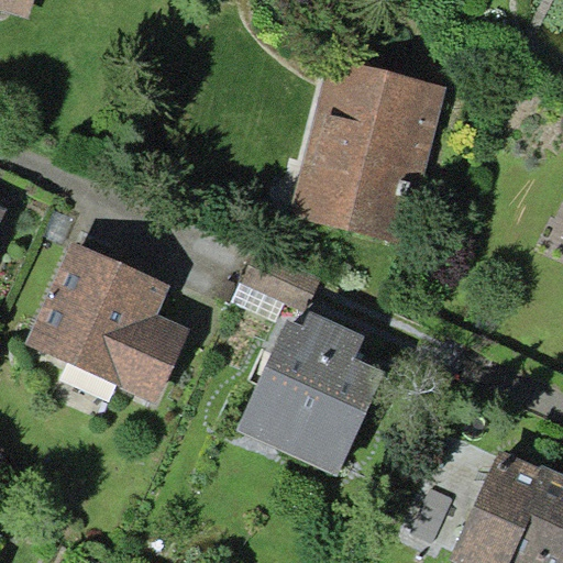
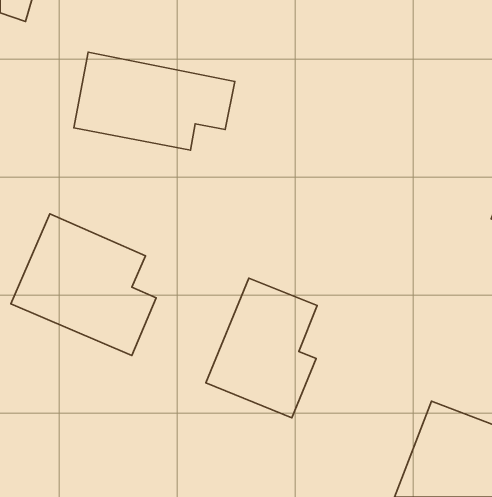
building: none -> [74,52,235,150]
building: [301,64,449,242] -> none

